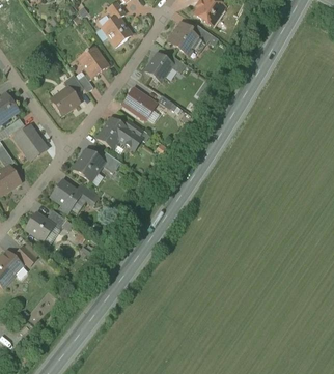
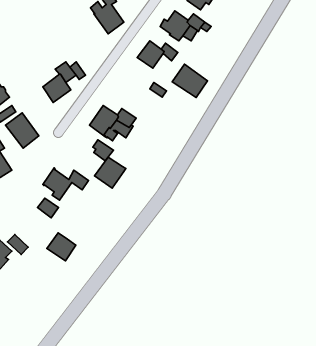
building: [77,46,109,78] -> none
building: [121,86,157,119] -> [172,64,207,98]
building: [73,149,104,180] -> [95,157,126,188]
building: [25,212,54,240] -> [47,233,76,261]

